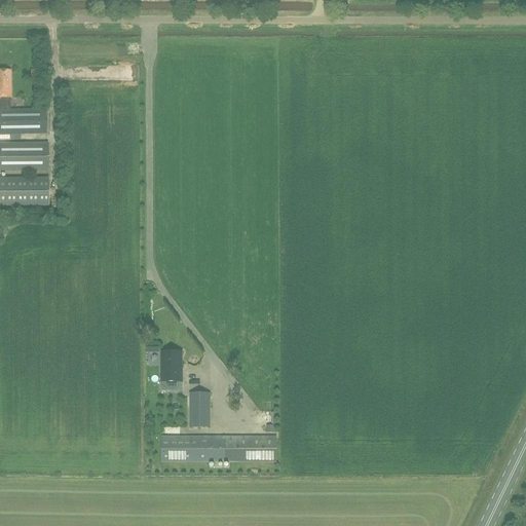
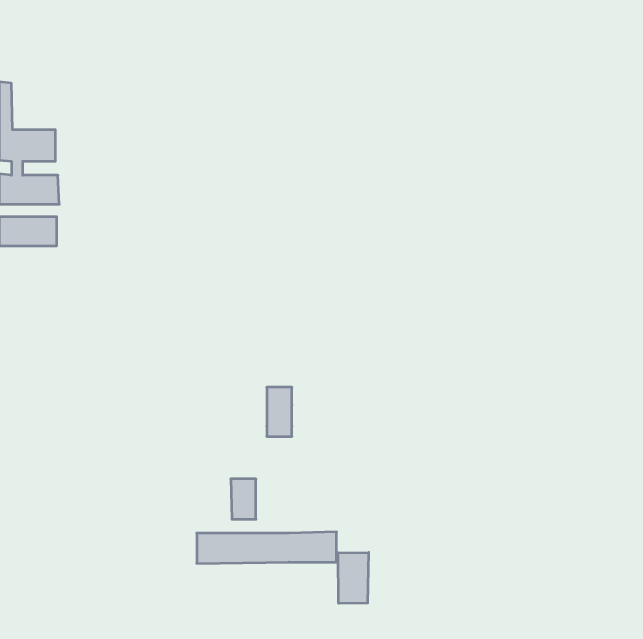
building: [160,347,181,387] -> [267,387,292,436]
building: none -> [338,552,369,603]

